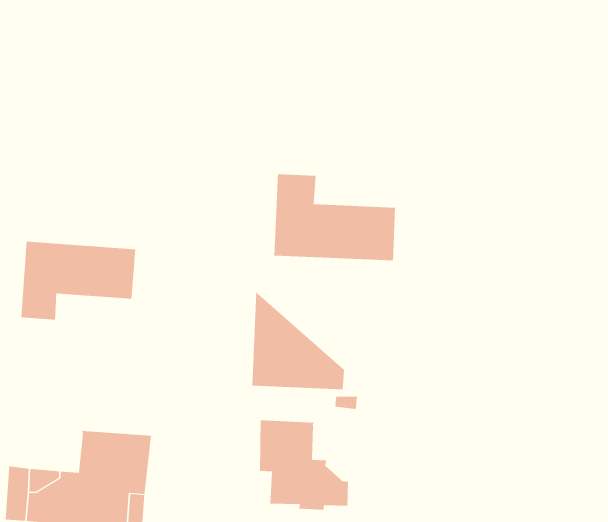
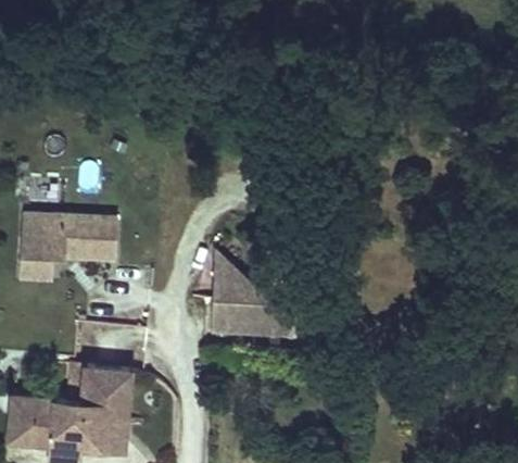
building: [274,174,395,261] -> none
building: [259,420,349,510] -> none

